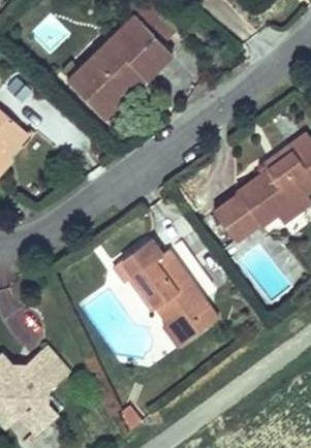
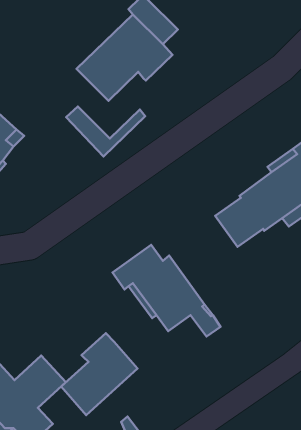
building: [67,69,144,118] -> [66,106,145,157]
building: [163,308,205,348] -> none
building: none -> [61,333,138,415]

